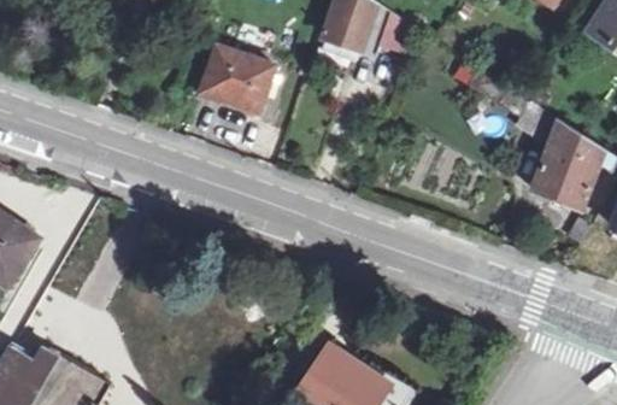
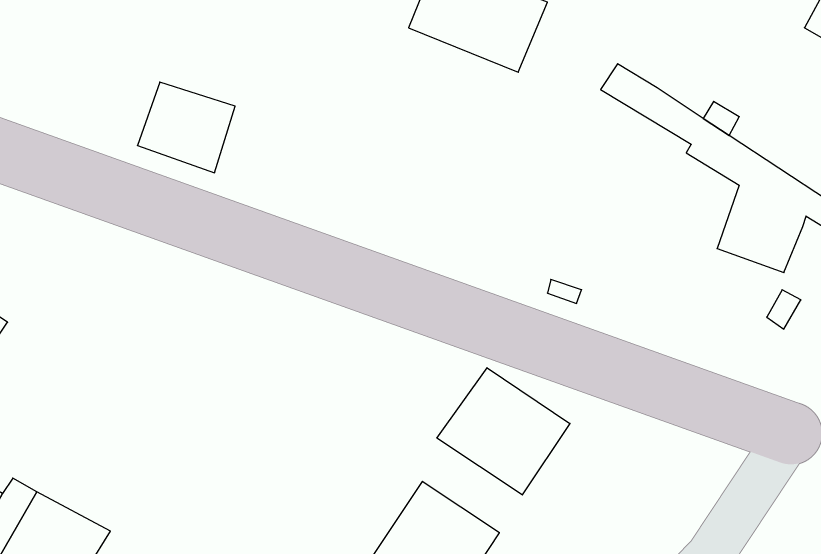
building: [205,51,274,115] -> [137,82,235,173]
building: none -> [437,368,570,495]

